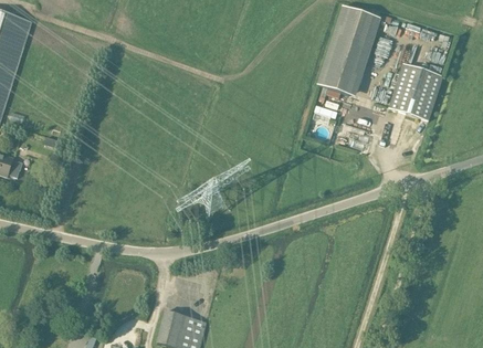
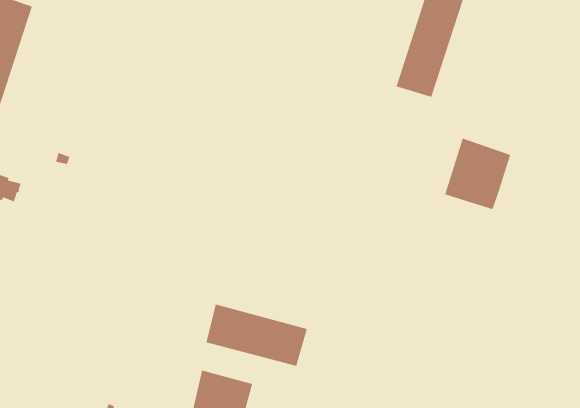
building: [388,63,441,120] -> [444,138,511,210]
building: none -> [205,304,308,367]

